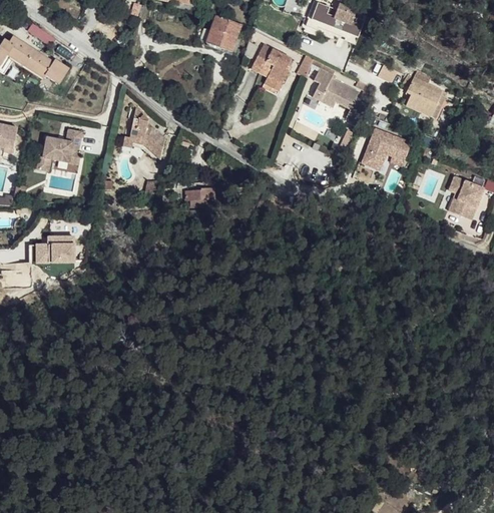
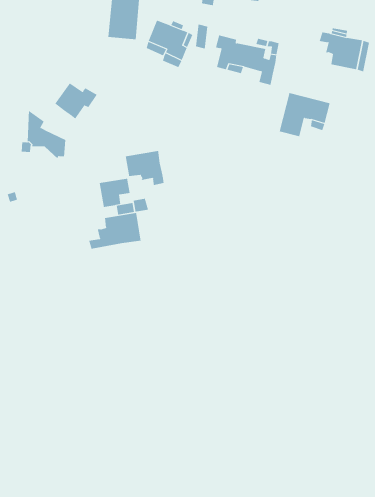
building: none -> [54,82,98,119]
building: none -> [125,150,164,186]
building: none -> [89,212,141,249]

